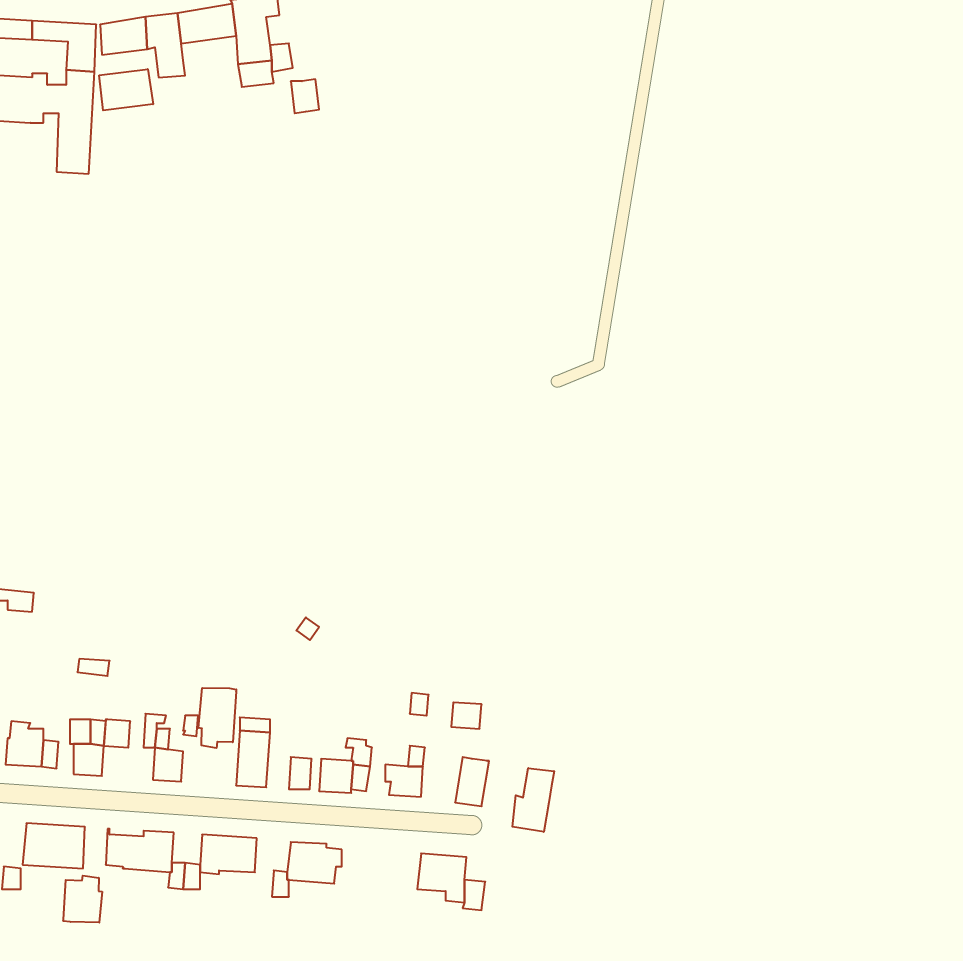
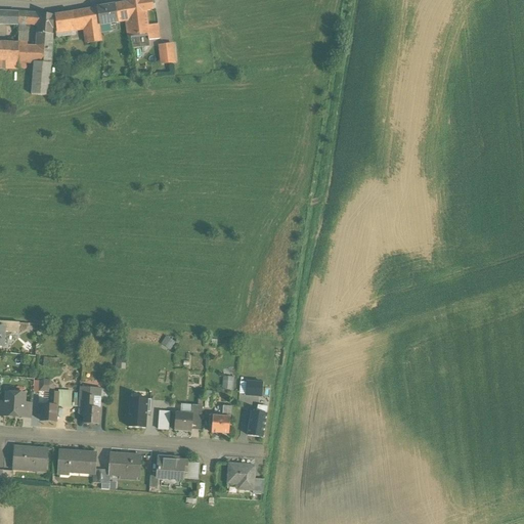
building: [99,69,153,110] -> none
building: [199,688,236,748] -> none
building: [512,768,554,832] -> none
building: [63,876,102,923] -> none

